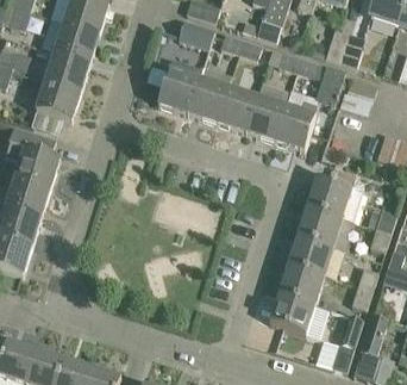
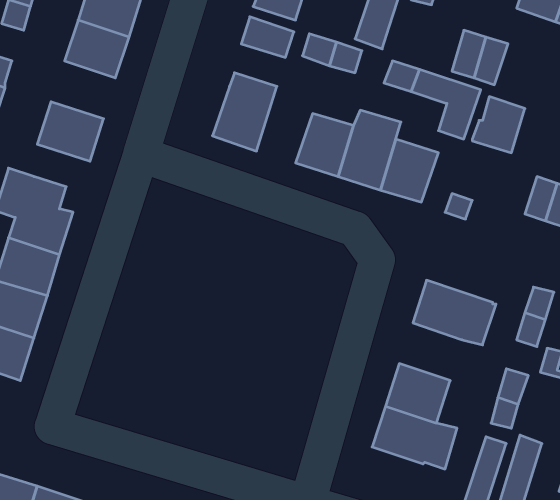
building: [44,50,89,91] -> none
building: [188,68,227,122] -> none
building: [307,166,363,219] -> none
building: [288,234,332,274] -> none

